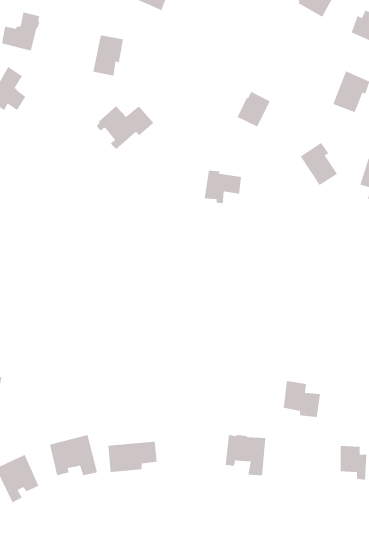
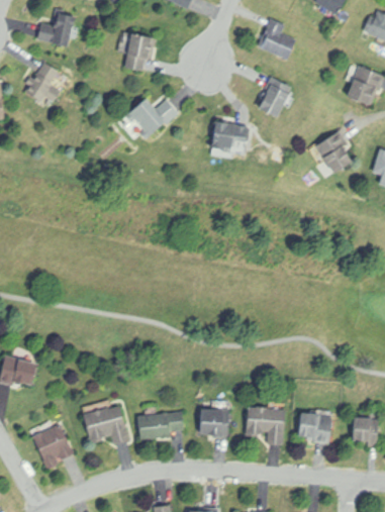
building: none -> [257,19,297,62]
building: [204,170,242,204] -> [213,121,249,152]
building: [283,381,321,418] -> [298,410,333,444]
building: none -> [199,405,230,439]

